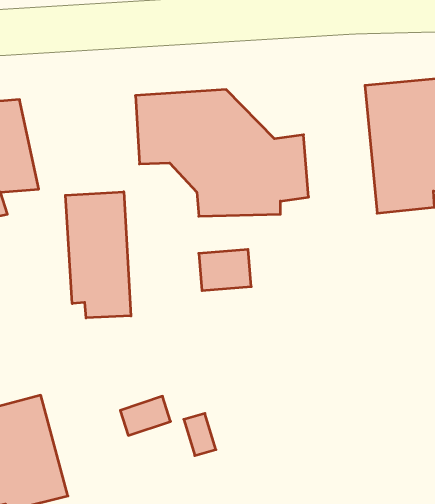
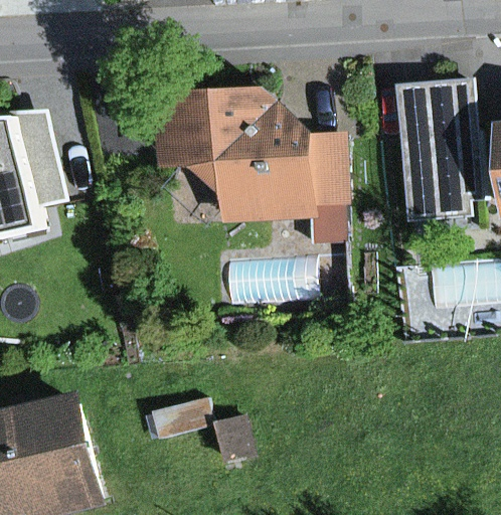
building: [65,192,131,318] -> none

